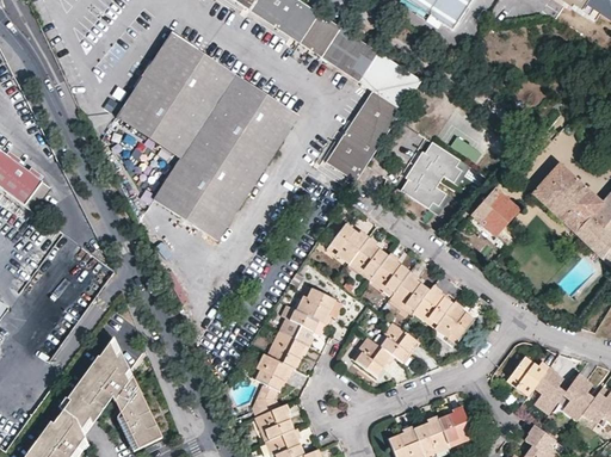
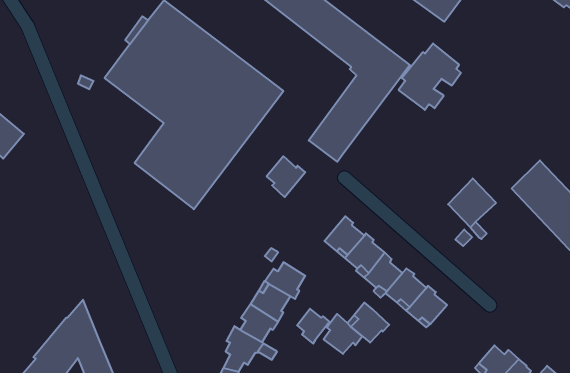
building: [402,142,463,209] -> [399,43,461,110]
building: [329,223,368,264] -> [267,156,305,197]
building: none -> [297,309,330,344]

